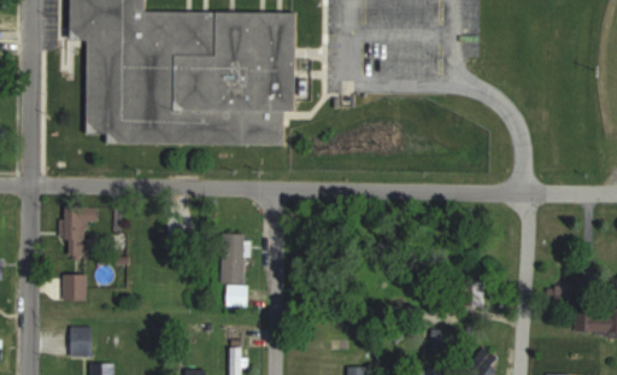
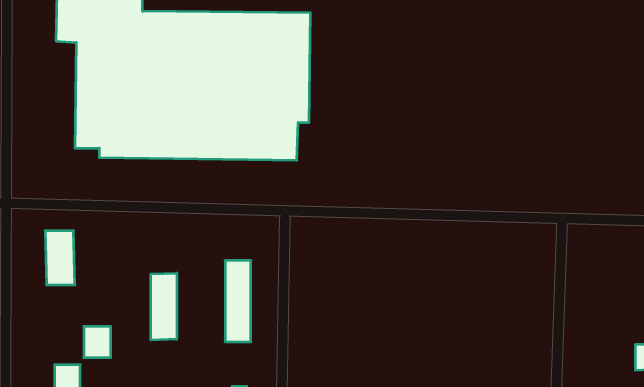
building: none -> [151,273,177,340]
building: [61,273,86,300] -> [84,326,111,358]

